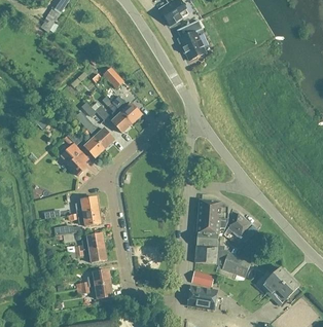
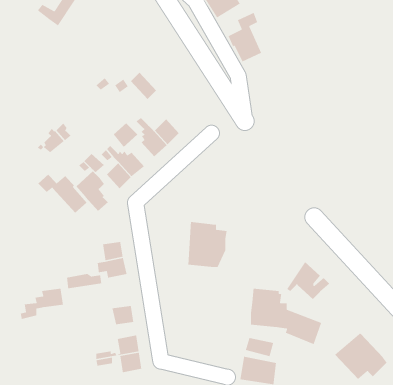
building: none -> [38,174,88,214]
building: [198,199,228,235] -> [187,221,227,268]
building: [70,233,104,258] -> [20,288,64,320]

